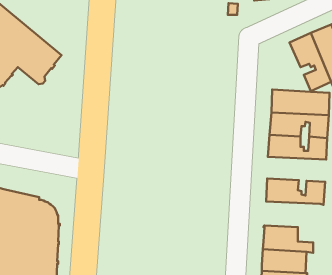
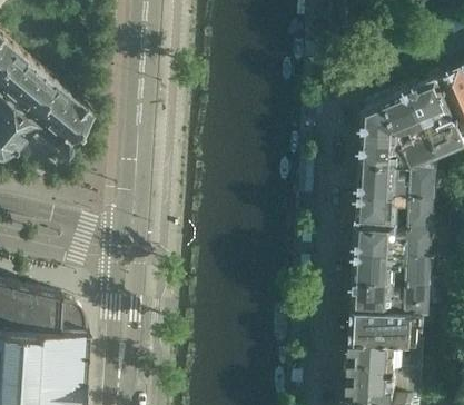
building: none -> [363,96,413,161]
building: none -> [356,246,433,278]
building: none -> [353,304,425,338]

